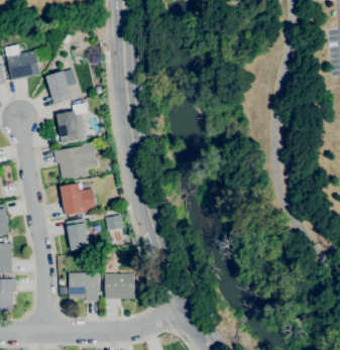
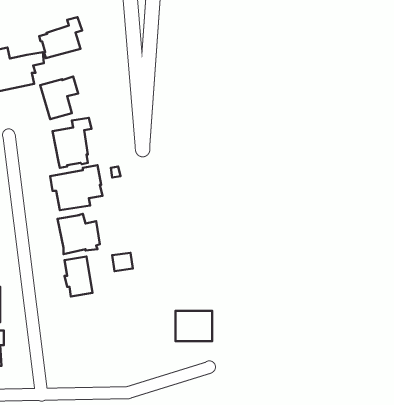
building: none -> [39,17,82,58]
building: [69,272,99,302] -> none
building: [104,273,134,299] -> [176,311,212,341]

